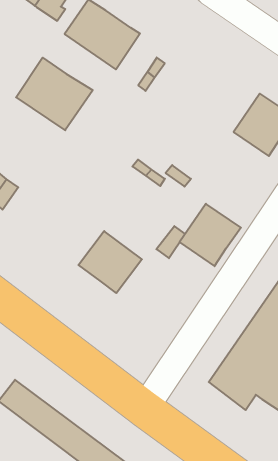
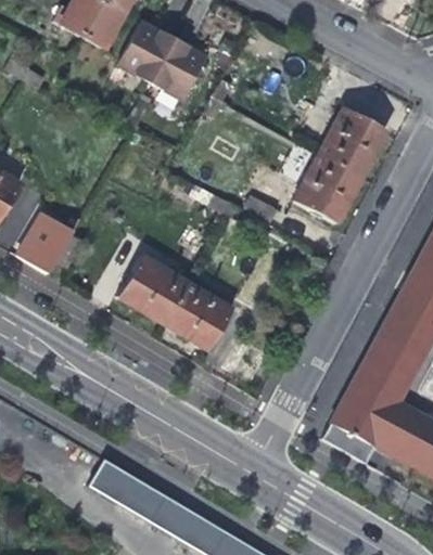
building: [16,58,93,130] -> none
building: none -> [116,254,187,322]
building: [180,204,241,266] -> [295,154,362,223]

